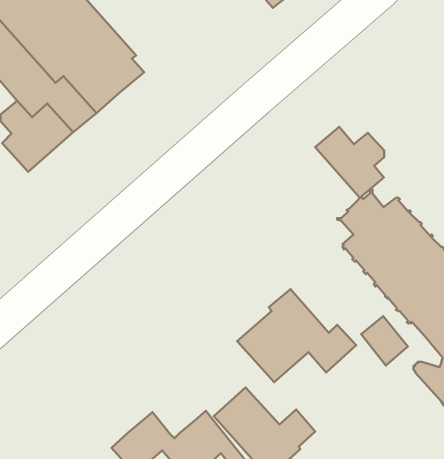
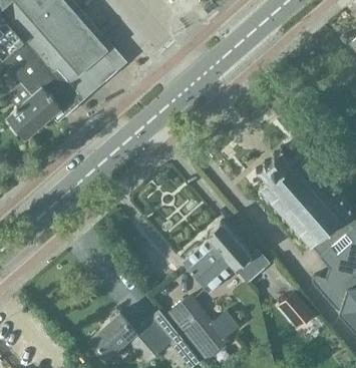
building: [315,127,384,198] -> none
building: [361,316,408,365] -> [280,293,314,329]

